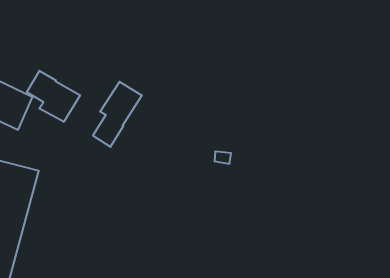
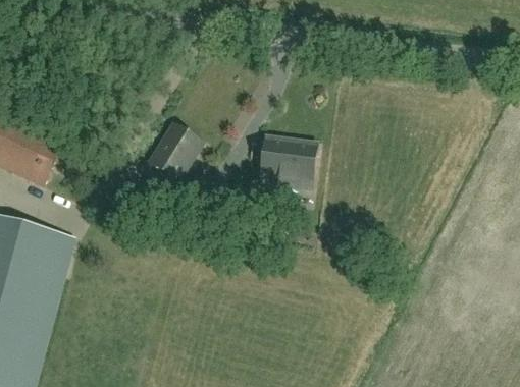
building: [27,71,80,122] -> none
building: none -> [260,136,316,181]

